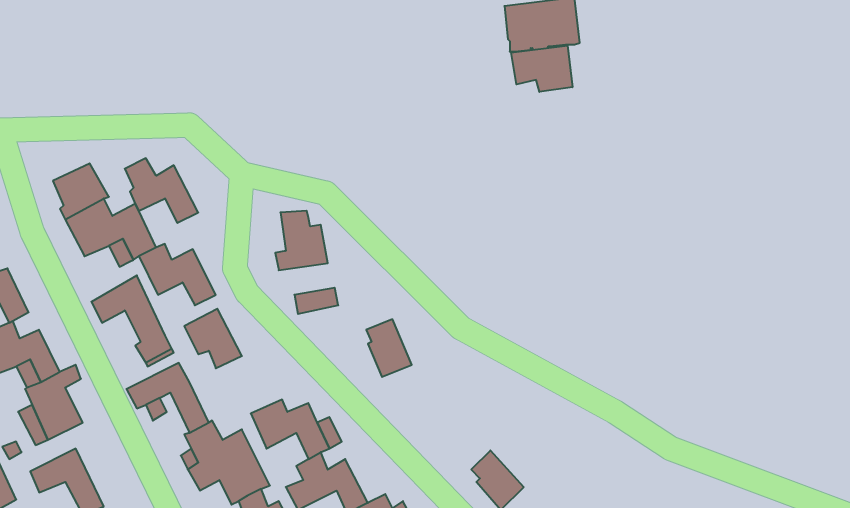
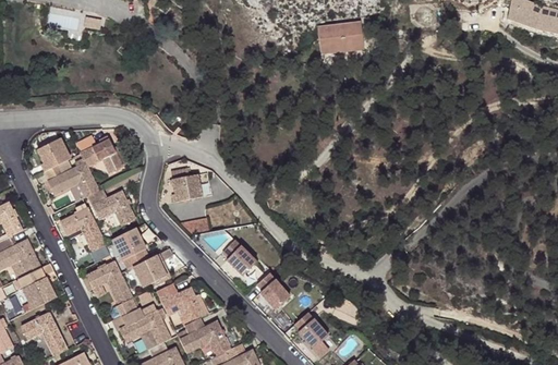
building: [511,46,572,92] -> none
building: none -> [134,248,173,283]
building: none -> [256,273,290,309]

